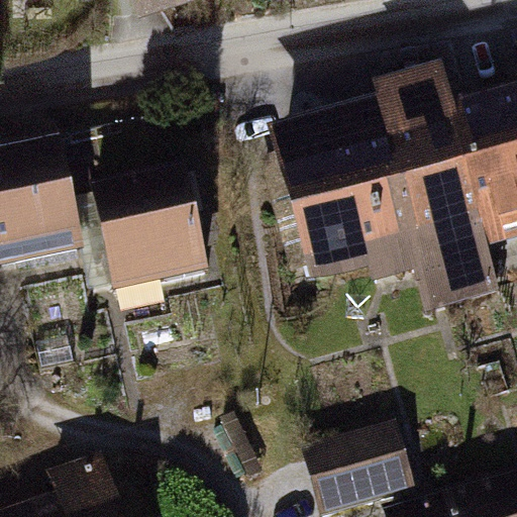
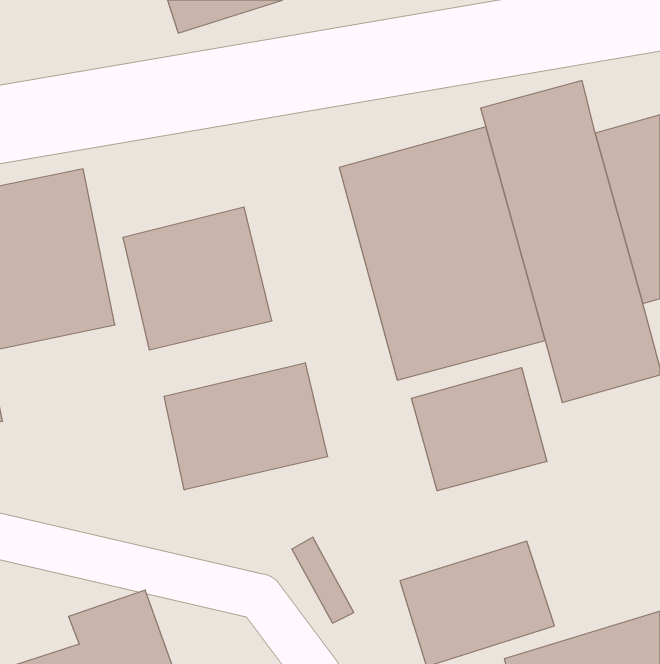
building: none -> [164,363,327,490]
building: none -> [411,368,547,491]

